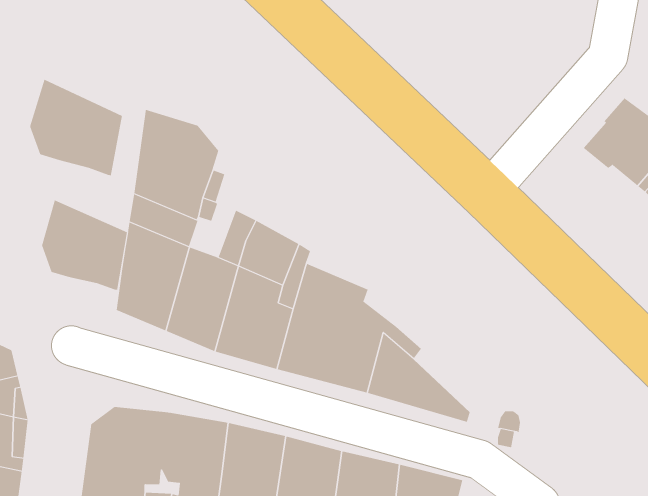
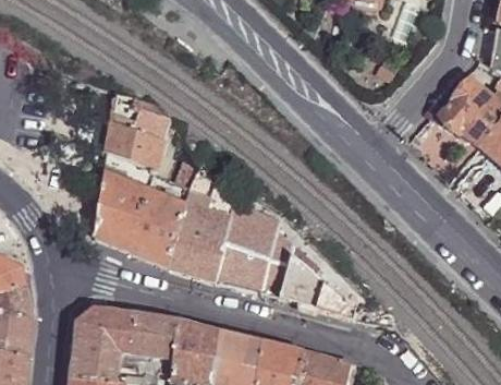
building: [30,79,122,176] -> none
building: [41,199,127,291] -> none

